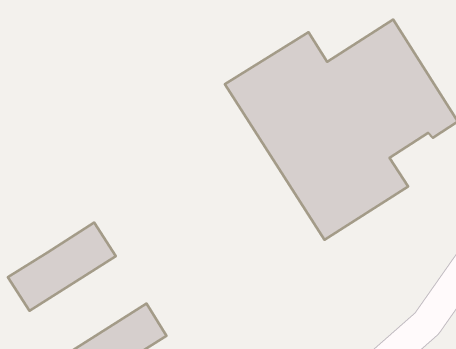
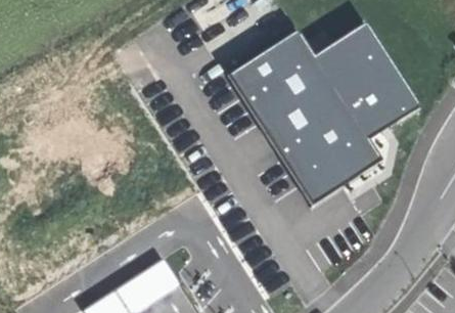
building: [8,223,116,311] -> none

